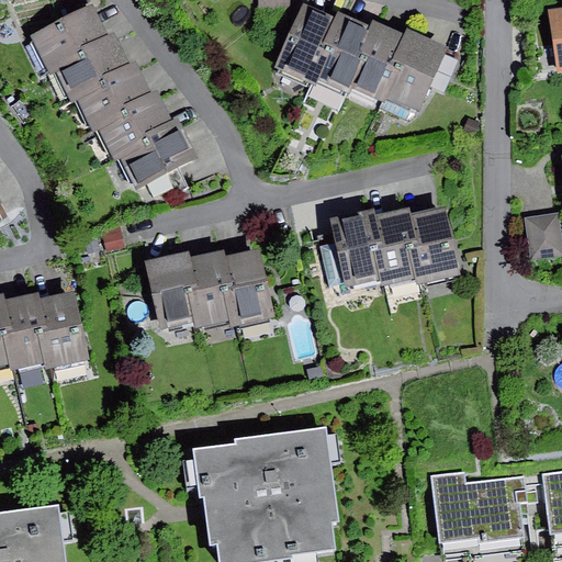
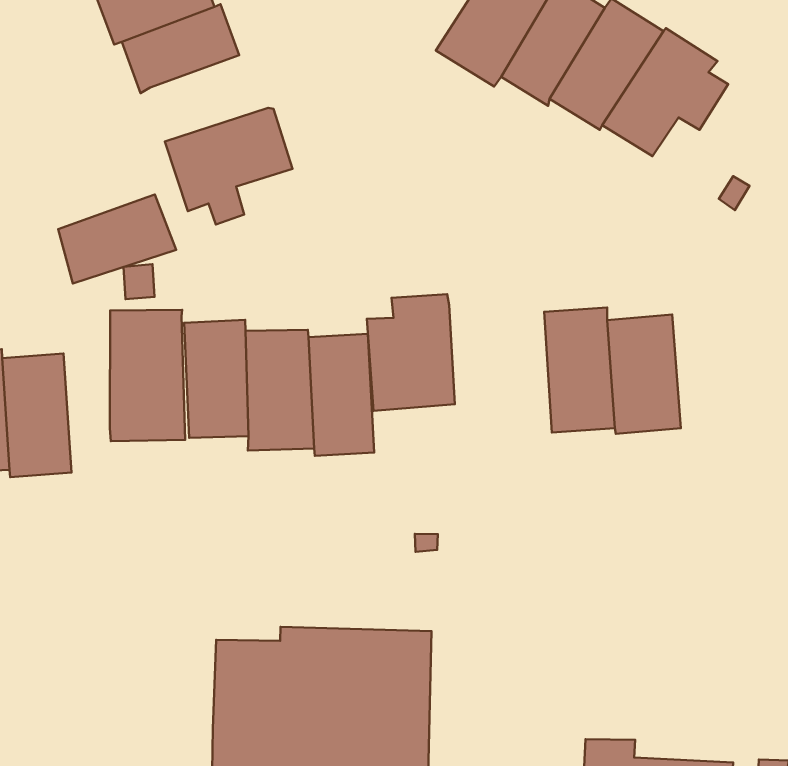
building: [101,88,176,150] -> [58,195,176,283]
building: [316,212,379,291] -> [367,294,455,411]
building: none -> [110,310,185,441]

